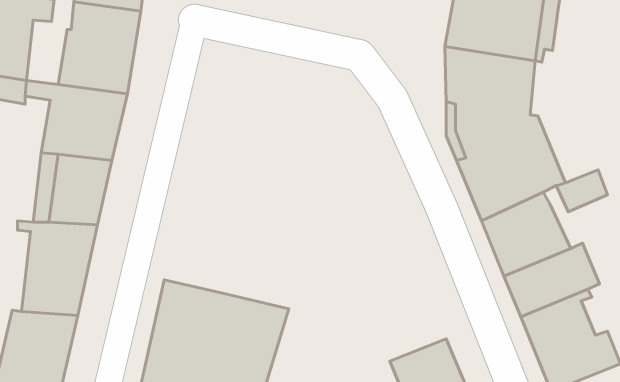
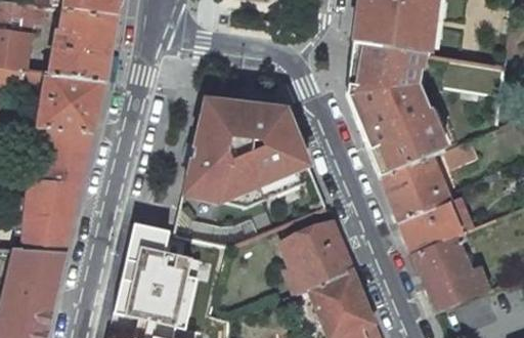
building: none -> [179,96,310,207]
building: none -> [286,220,353,294]

